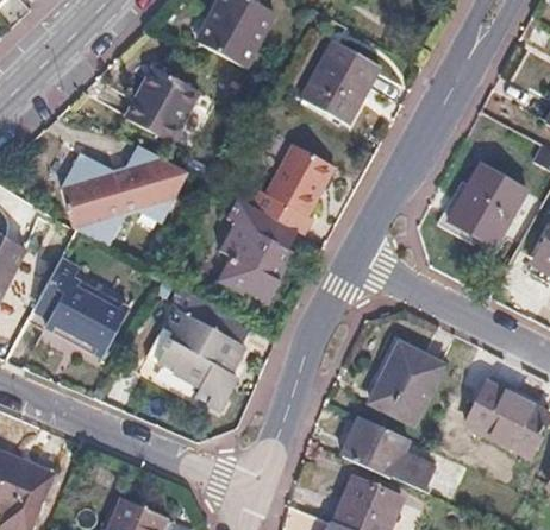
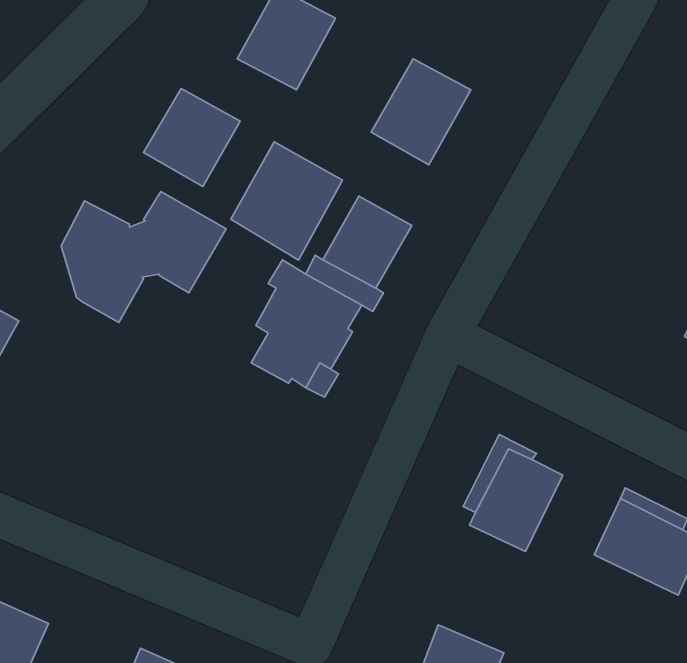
building: none -> [231,142,343,260]
building: [451,166,525,245] -> none
building: [31,257,130,354] -> none
building: [150,289,245,408] -> none
building: [342,415,430,490] -> none

